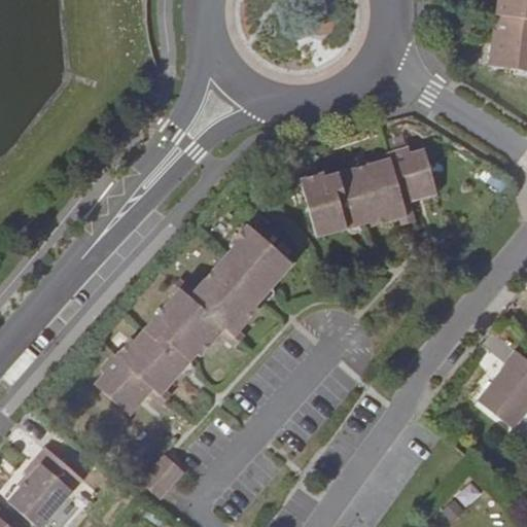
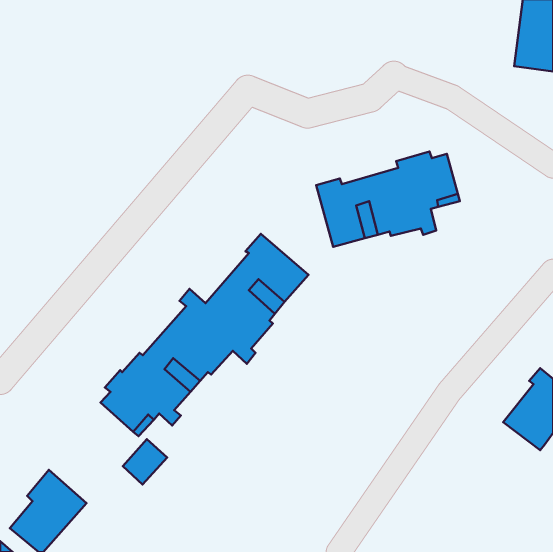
building: [142,454,184,497] -> [123,439,167,484]

